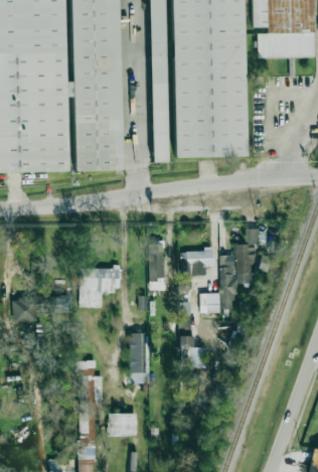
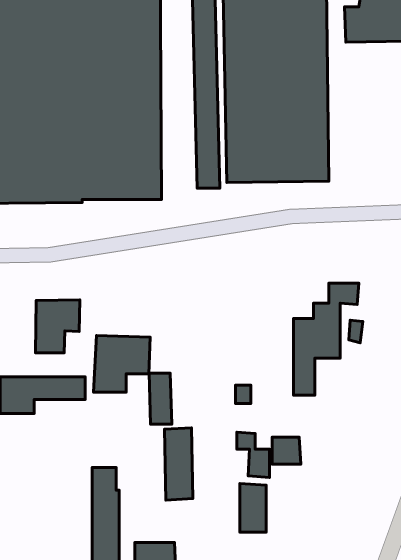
building: none -> [36,300,80,353]
building: [149,244,165,280] -> [149,373,172,424]
building: [181,251,214,276] -> none
building: [201,293,221,312] -> [272,437,301,464]
building: none -> [240,484,266,532]

